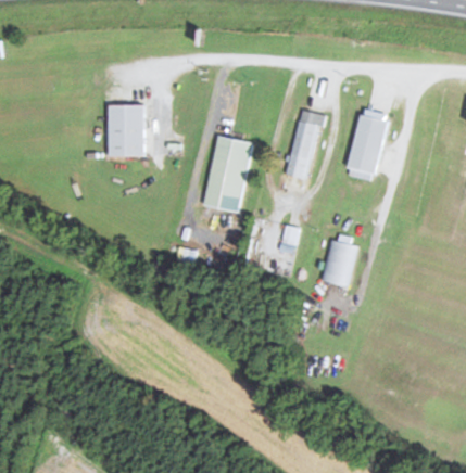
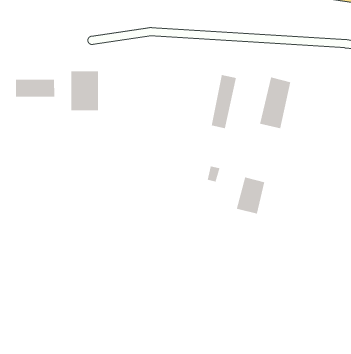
building: none -> [15,79,55,98]
building: [203,133,253,213] -> none

